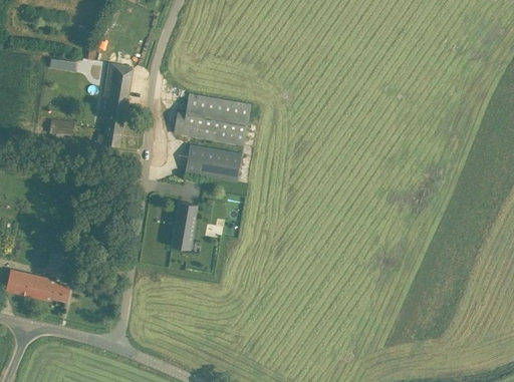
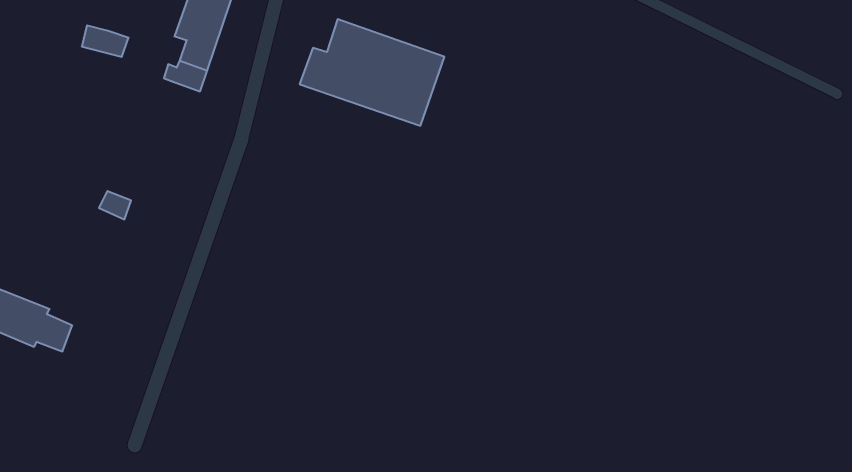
building: [184,144,240,181] -> none
building: [171,204,196,250] -> none

